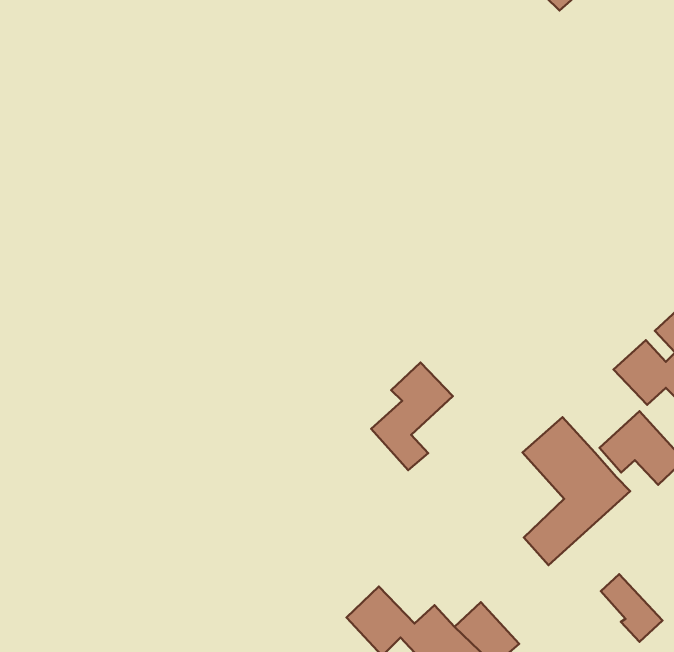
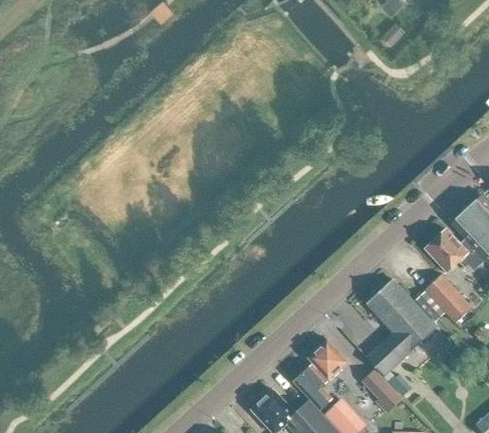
building: [371,362,453,470] -> [295,339,348,409]
building: [601,574,662,642] -> [362,369,403,413]

